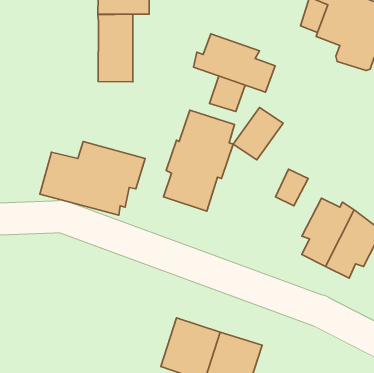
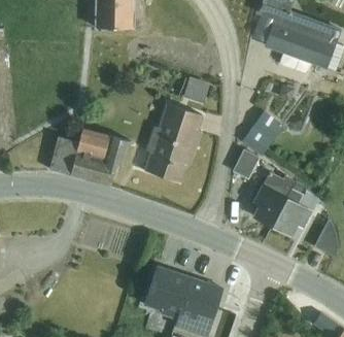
building: [98,14,133,82] -> none
building: [194,34,275,92] -> none
building: [233,107,283,160] -> [243,112,282,154]

